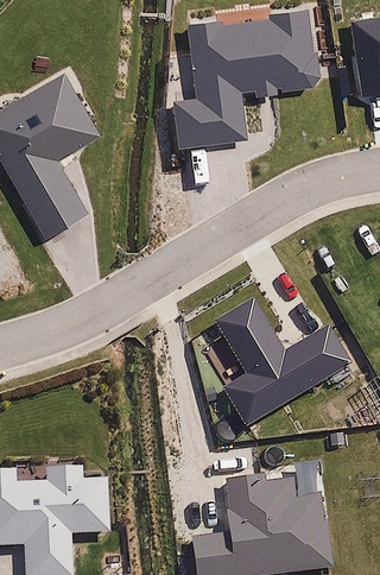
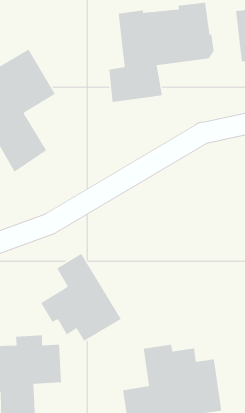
building: [214,297,353,426] -> none
building: none -> [40,253,122,342]

